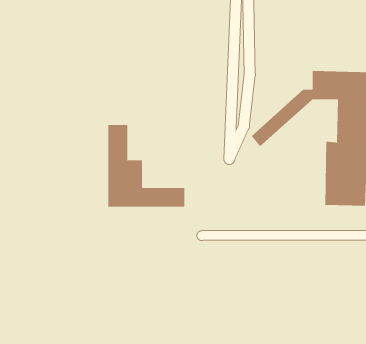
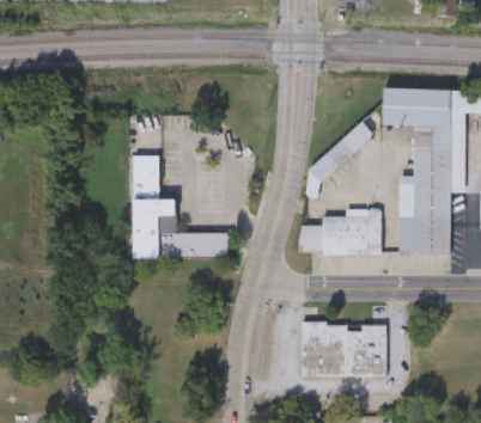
building: none -> [300,211,382,256]
building: none -> [303,323,386,375]

